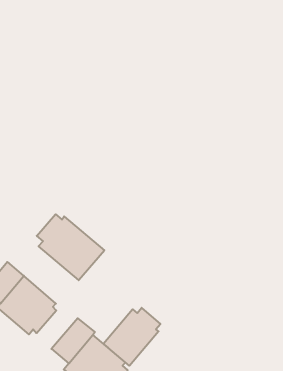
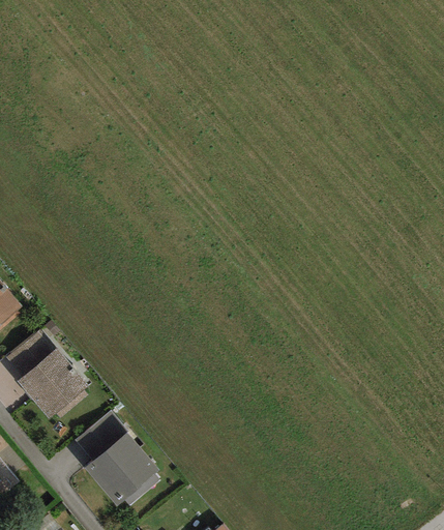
building: [37,214,104,280] -> none
building: [103,308,160,366] -> none

